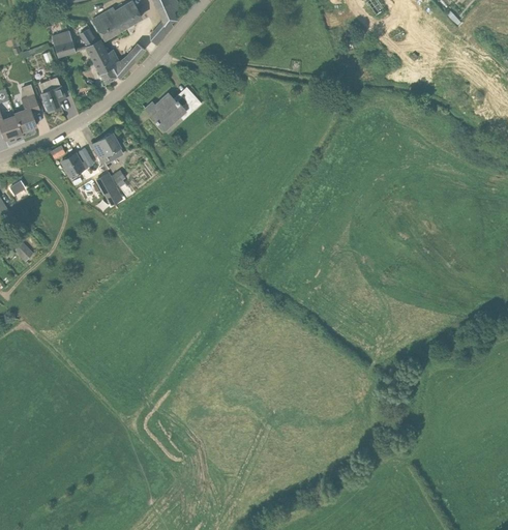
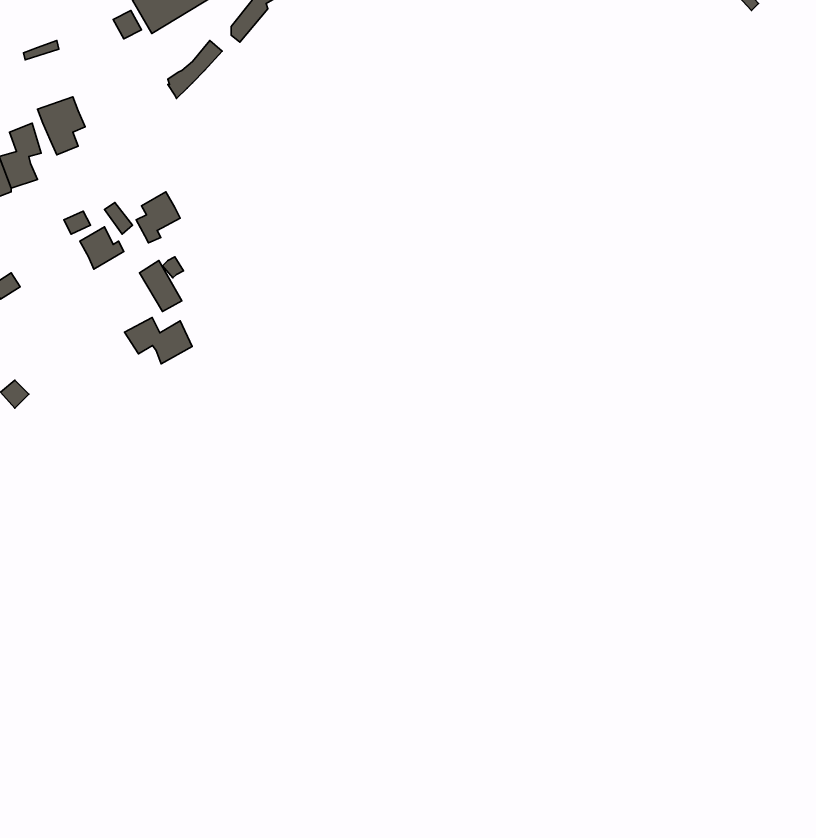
building: [52,30,76,58] -> none
building: [86,40,119,83] -> none
building: [151,87,201,130] -> none
building: none -> [125,318,192,364]

